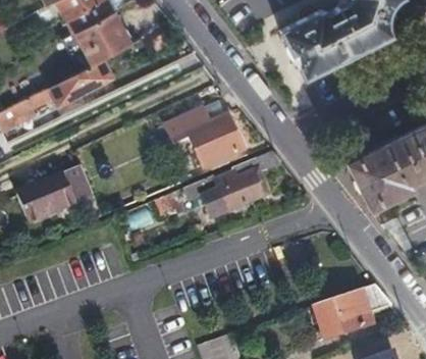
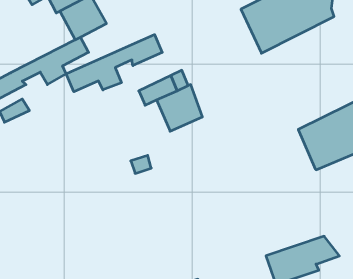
building: none -> [66,35,162,92]
building: [183,152,281,218] -> none
building: [17,165,94,222] -> none

